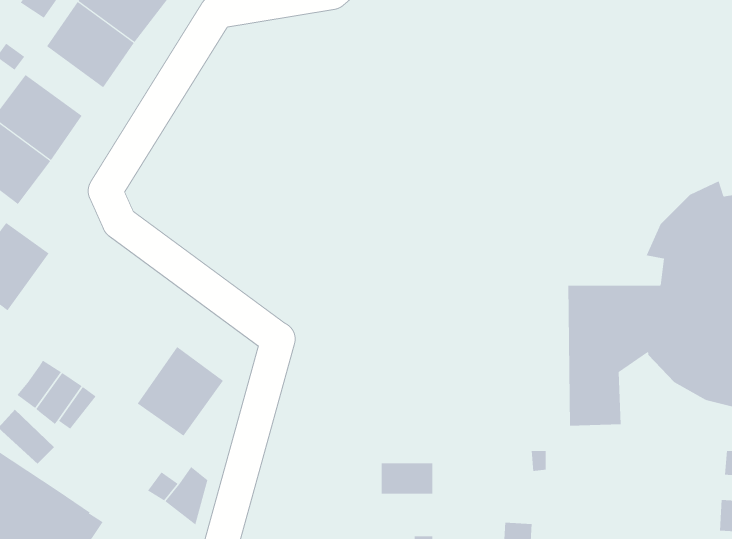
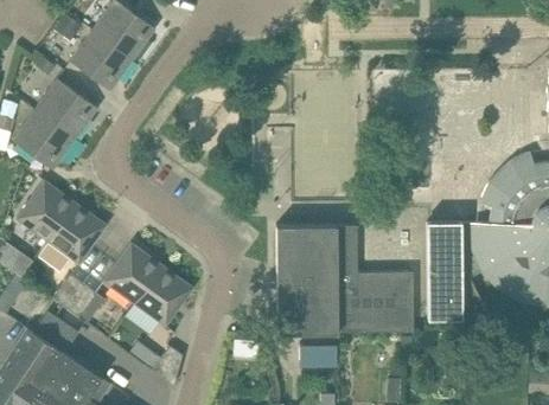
building: none -> [45,201,106,263]
building: none -> [275,225,413,333]
building: none -> [103,243,160,303]

